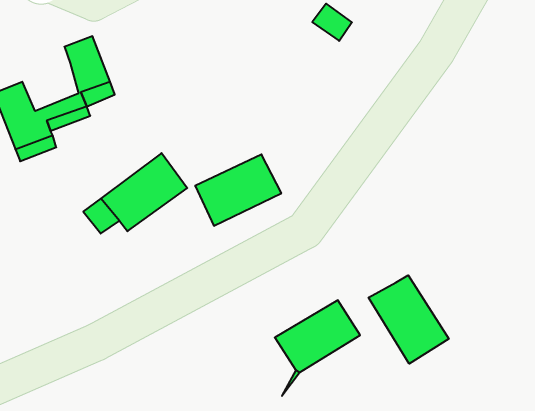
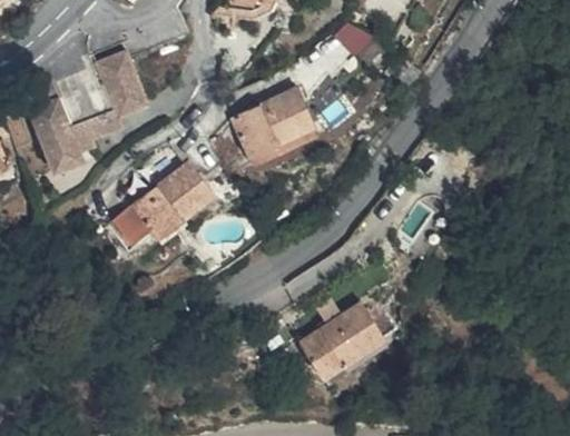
building: [195,154,281,226] -> [236,90,318,158]
building: [369,275,449,364] -> none

